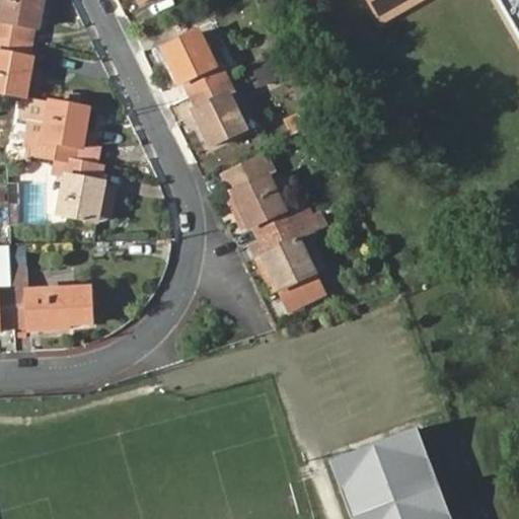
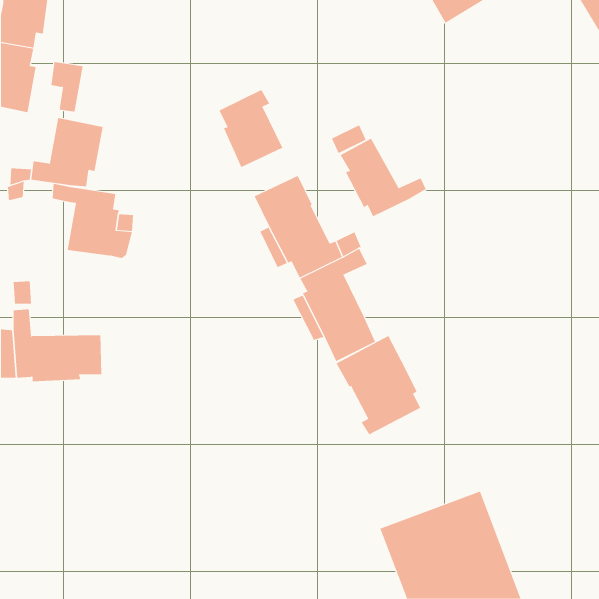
building: [163,32,227,95] -> none
building: [22,97,51,141] -> [50,62,83,112]
building: none -> [340,138,427,217]
building: none -> [336,335,421,435]

